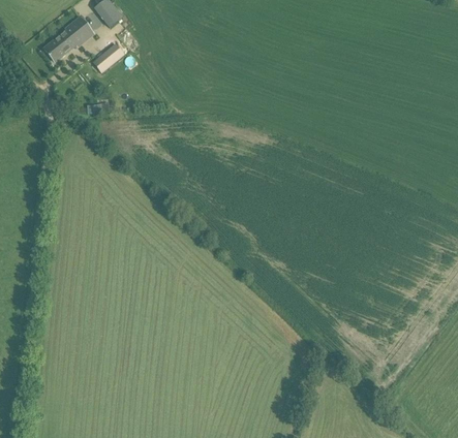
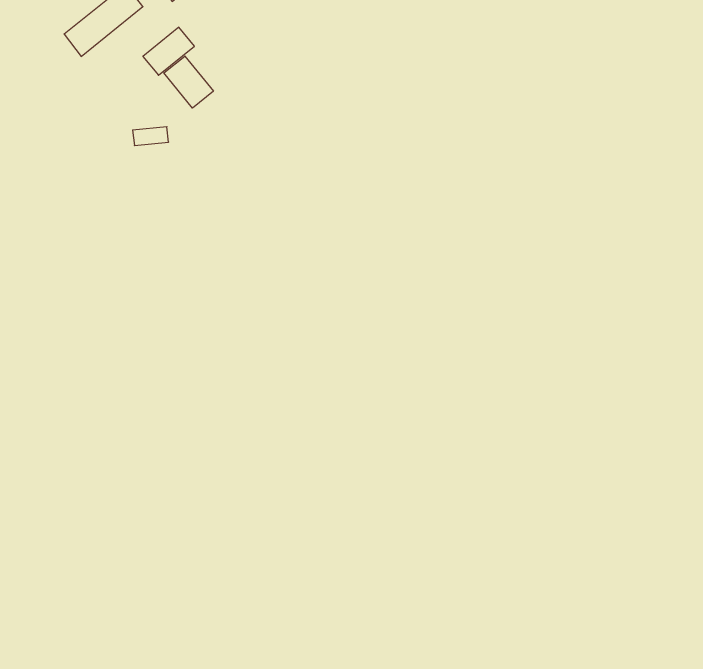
building: none -> [164,56,213,108]

